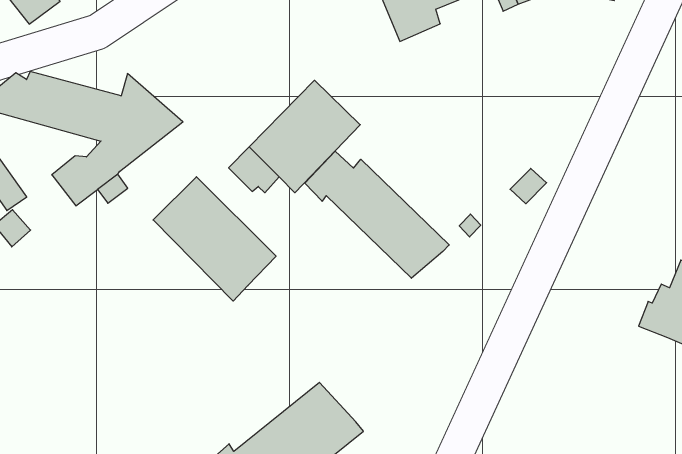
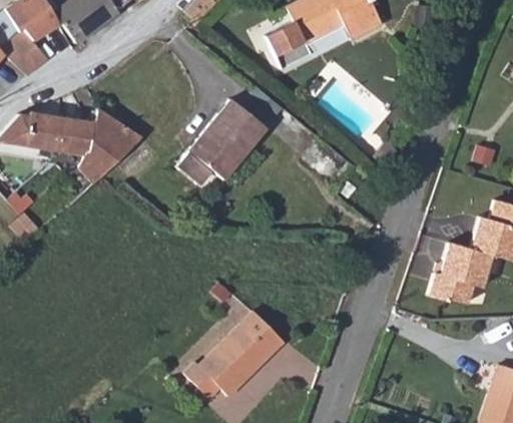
building: [305,151,449,278] -> none
building: [153,177,276,301] -> none
building: none -> [431,244,494,305]

